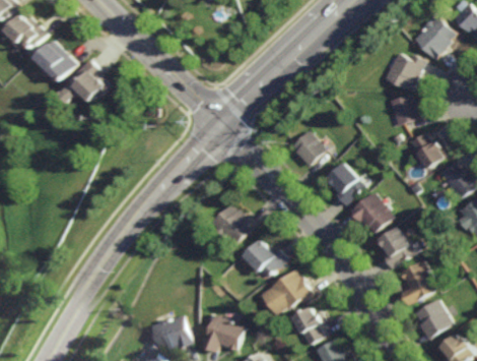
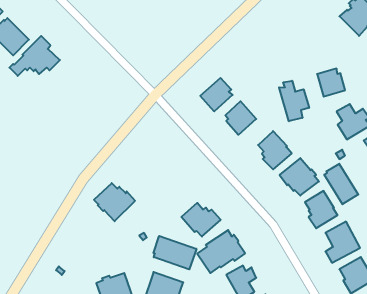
building: [386,51,426,88] -> none
building: none -> [200,78,233,111]
building: none -> [279,81,309,121]
building: none -> [324,164,358,204]
building: [210,204,255,246] -> [94,183,135,221]
building: none -> [153,236,196,269]

